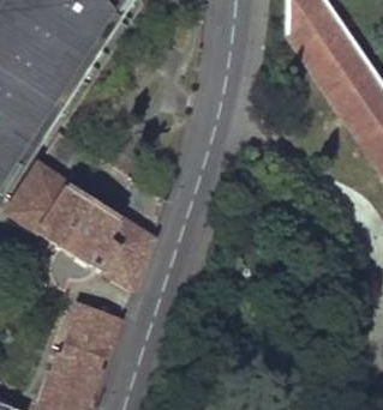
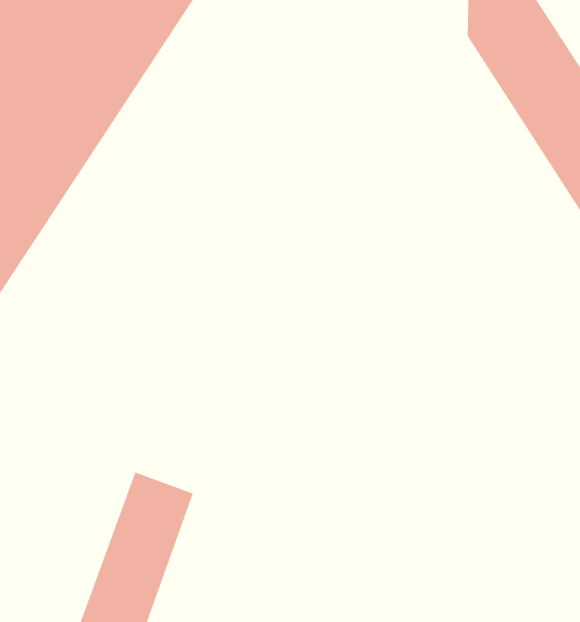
building: [16,162,154,296] -> none

